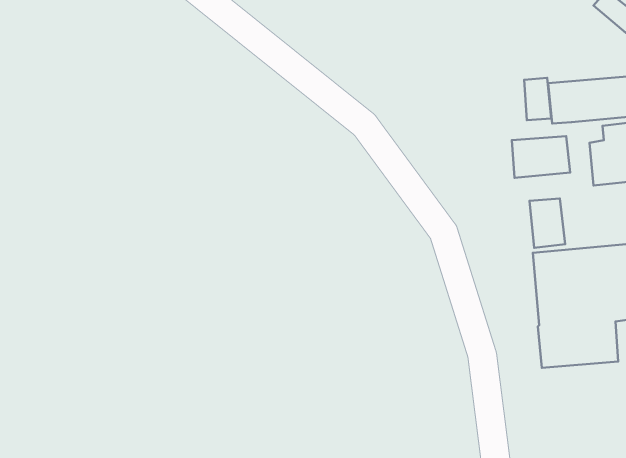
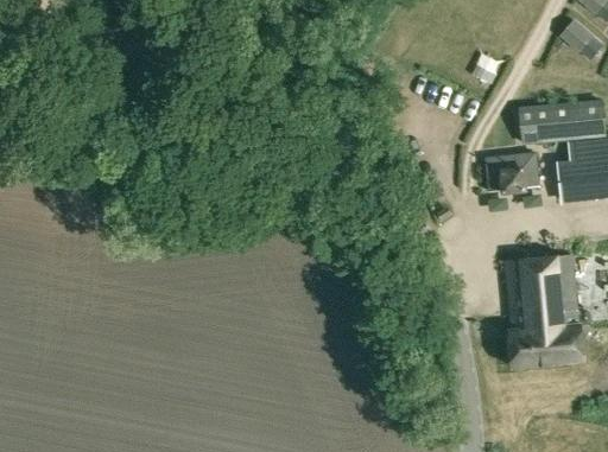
building: [524,78,551,120] -> none
building: [530,199,565,248] -> none

